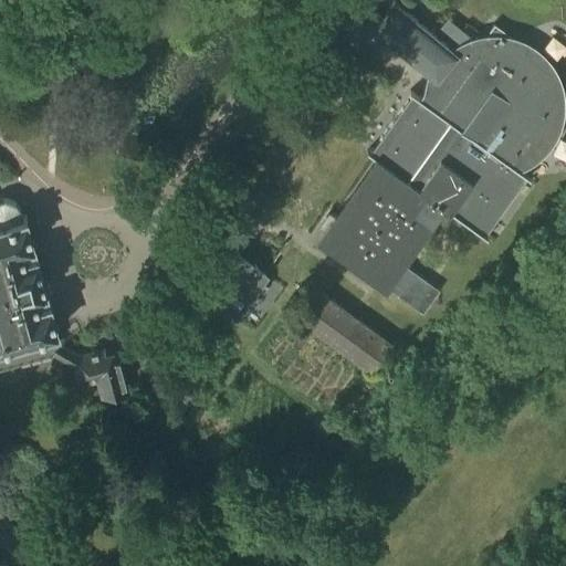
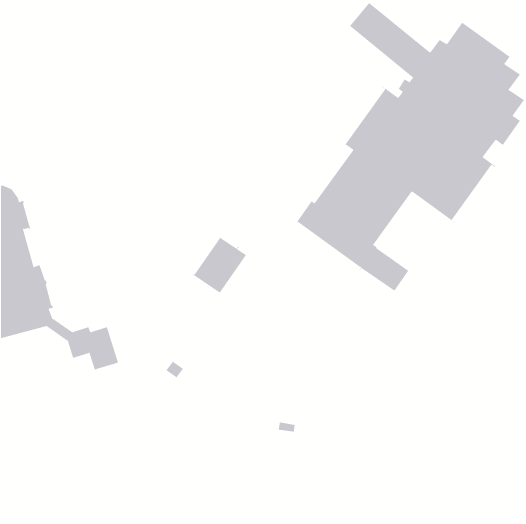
building: [300,295,391,374] -> none

